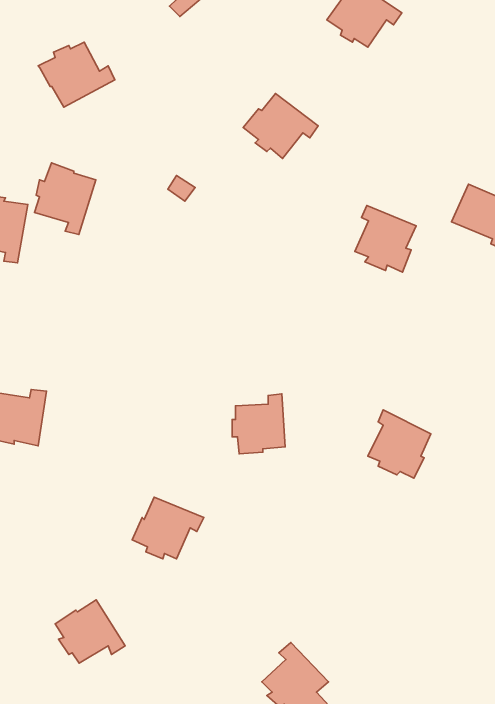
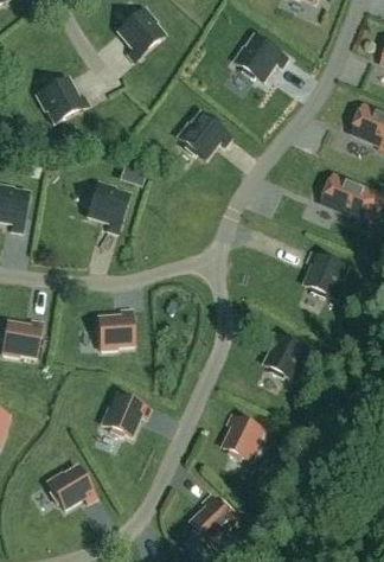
building: [34,163,96,235] -> [87,180,129,230]
building: [355,205,416,272] -> [305,251,347,298]
building: [232,394,285,454] -> [96,307,133,349]
building: none -> [223,414,265,460]

